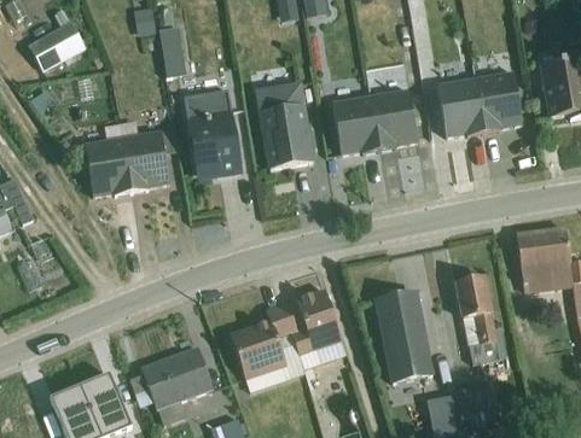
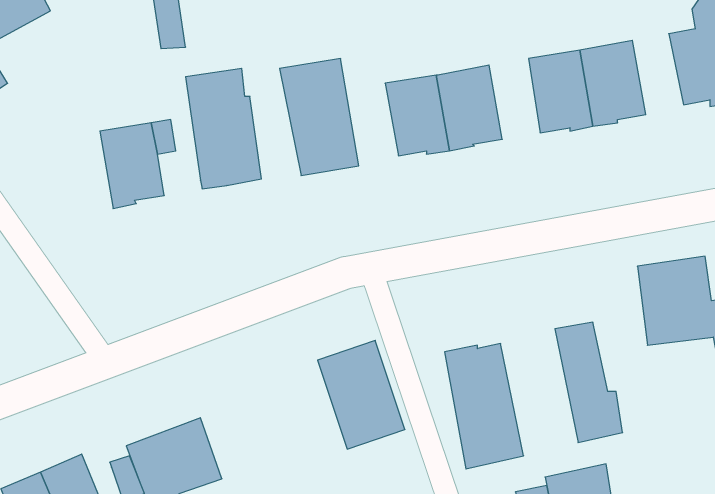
building: [85,136,133,197] -> none
building: [231,304,306,392] -> none

